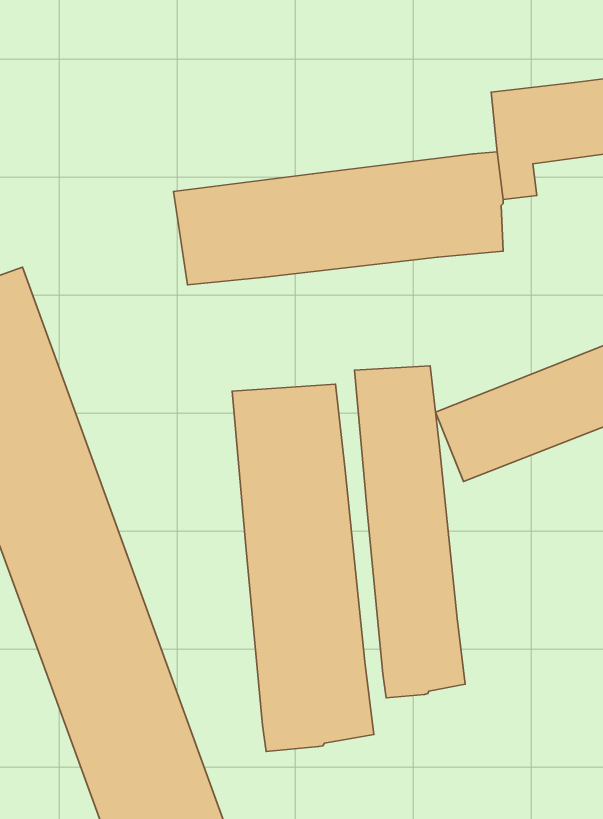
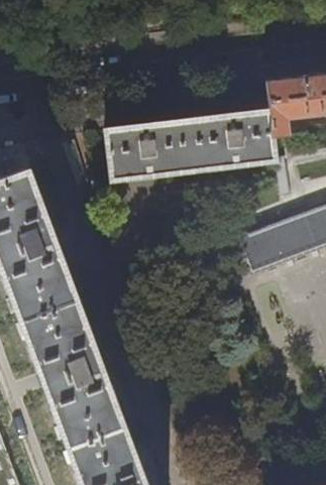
building: [354,366,465,698] -> none
building: [232,384,374,751] -> none

